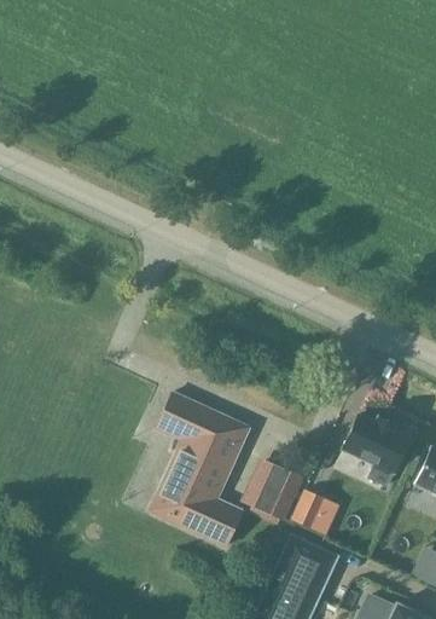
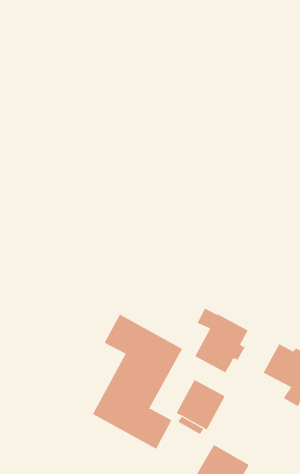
building: none -> [194,308,249,373]
building: [292,488,341,534] -> none

